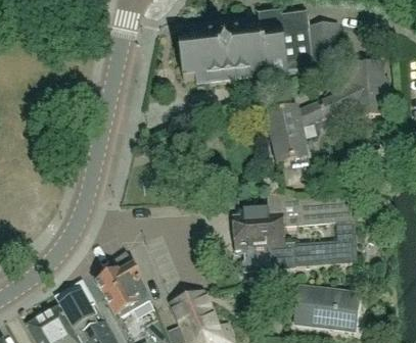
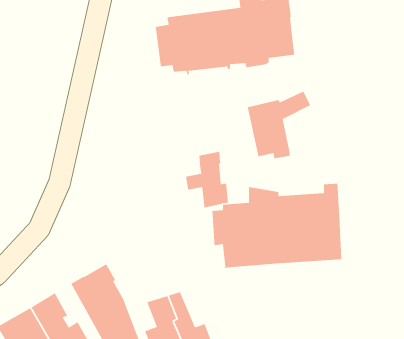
building: [308,20,338,58] -> none
building: [320,60,387,113] -> none
building: none -> [185,151,229,208]
building: [294,285,359,329] -> none

